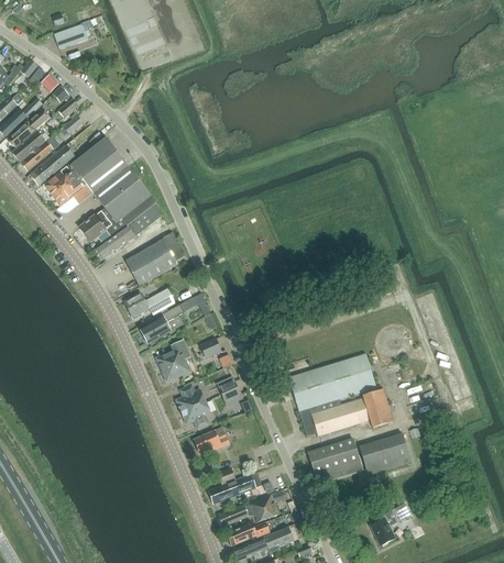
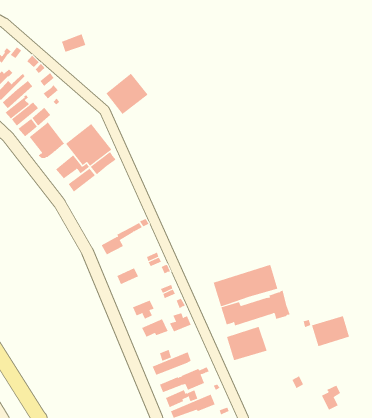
building: [55,23,89,48] -> [61,34,86,53]
building: [72,137,129,194] -> [106,73,149,115]
building: [125,239,177,285] -> none
building: [124,287,176,317] -> none
building: [157,340,188,369] -> none
building: [177,385,207,411] -> [169,312,192,332]
building: [360,432,412,474] -> [311,315,350,347]
building: [372,510,398,544] -> [321,385,341,410]

